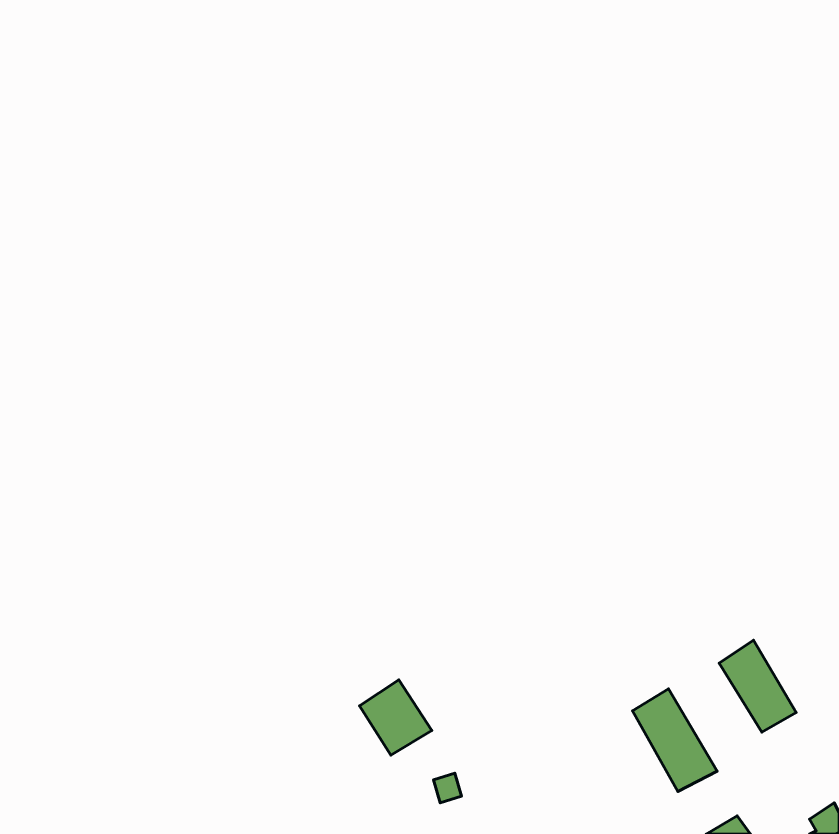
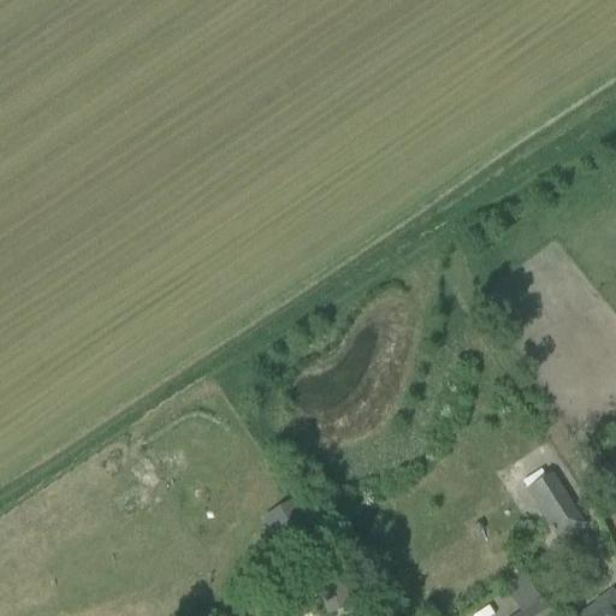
building: [632,689,717,791] -> none

